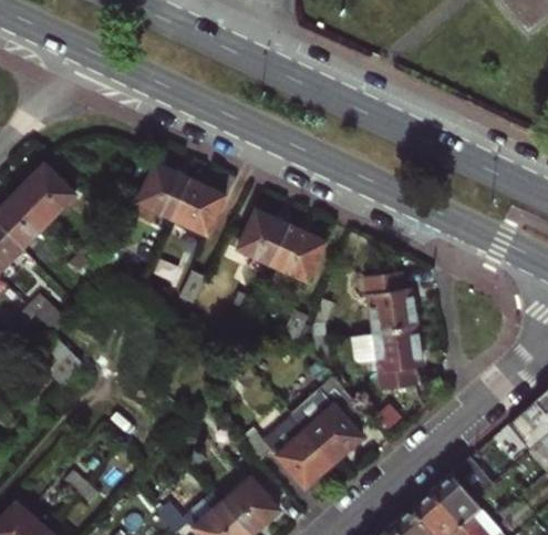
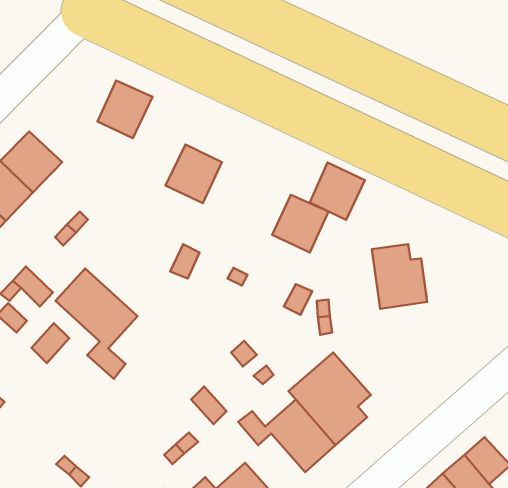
building: [138,163,190,217] -> [97,80,153,138]
building: [238,209,290,264] -> [310,162,365,220]
building: none -> [56,269,138,379]
building: [352,327,424,391] -> none

